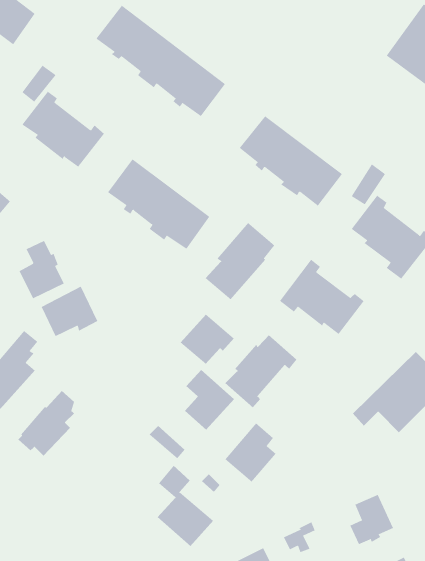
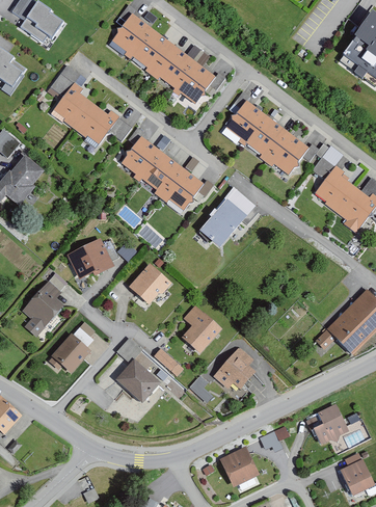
building: [19,240,64,299] -> none
building: [279,259,364,335] -> none
building: [180,314,234,364] -> [128,264,171,304]
building: [225,334,297,408] -> none
building: [157,465,214,547] -> [115,338,161,403]

